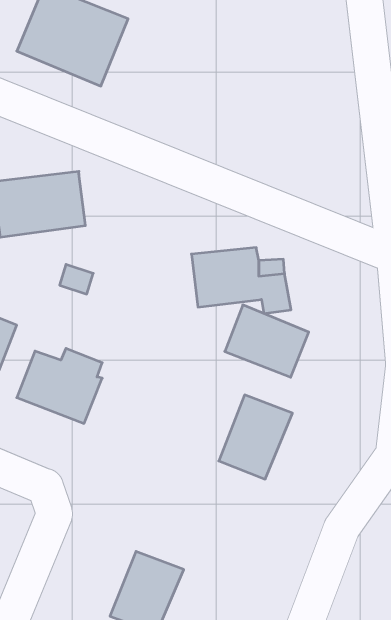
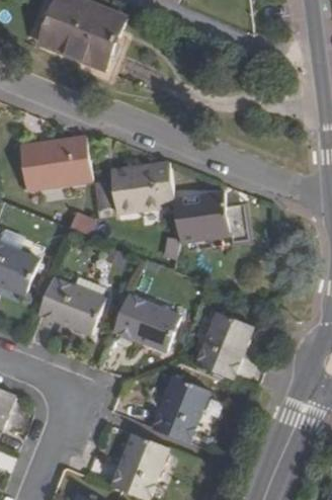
building: none -> [110,162,174,214]
building: [225,305,309,377] -> [112,294,178,350]
building: none -> [154,377,211,443]

